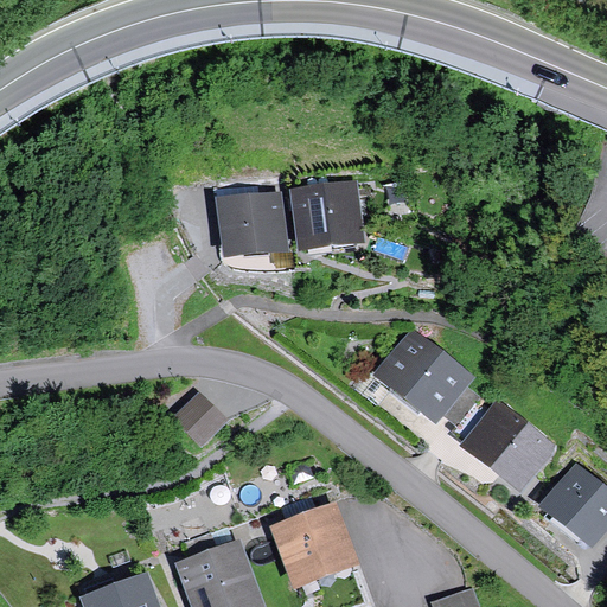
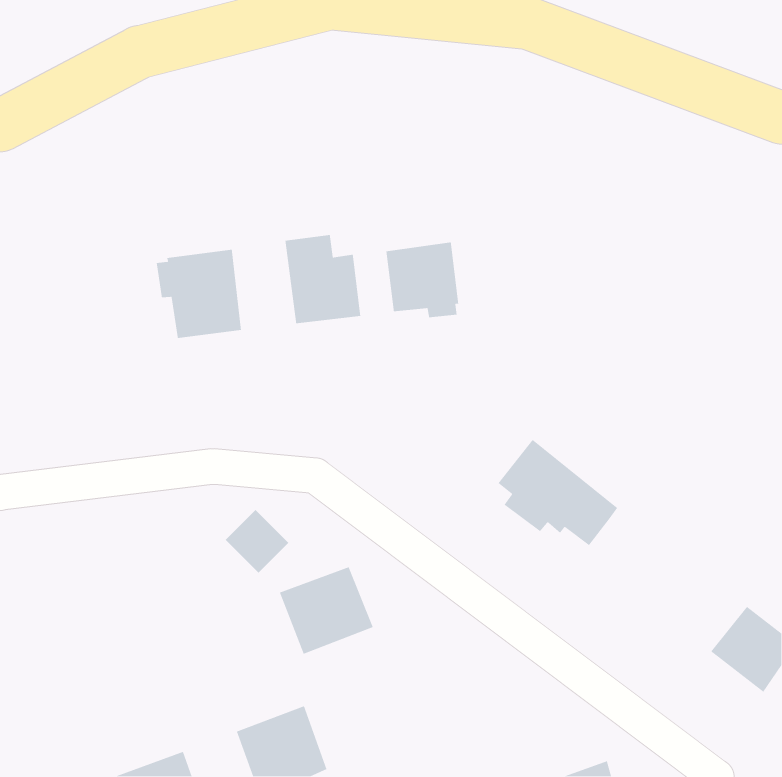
building: none -> [156,249,242,339]
building: [453,402,548,481] -> none
building: [277,512,351,581] -> [279,566,374,655]

